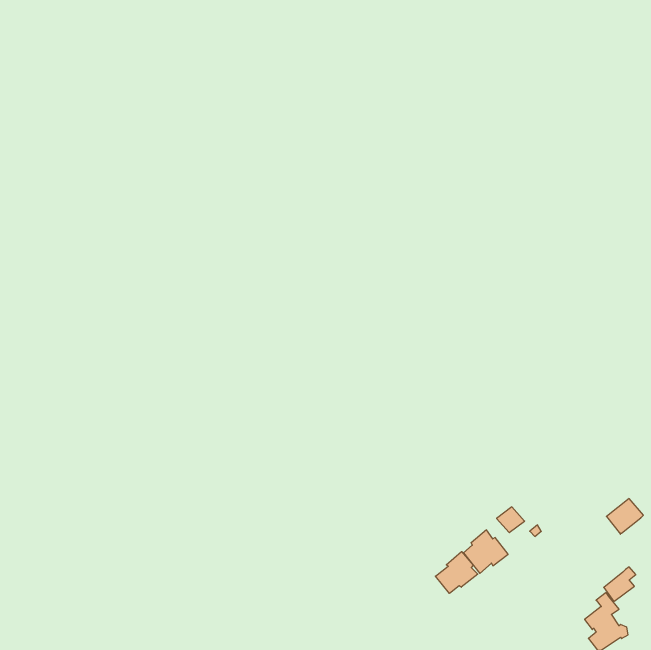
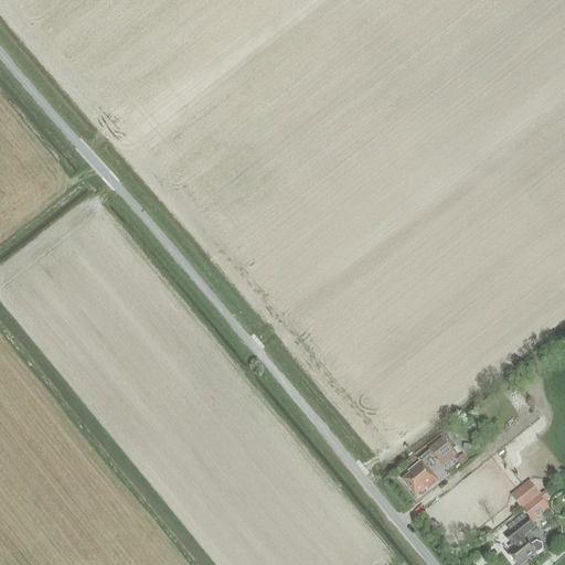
building: [606,499,643,534] -> [510,478,542,509]
building: [435,552,478,593] -> none

